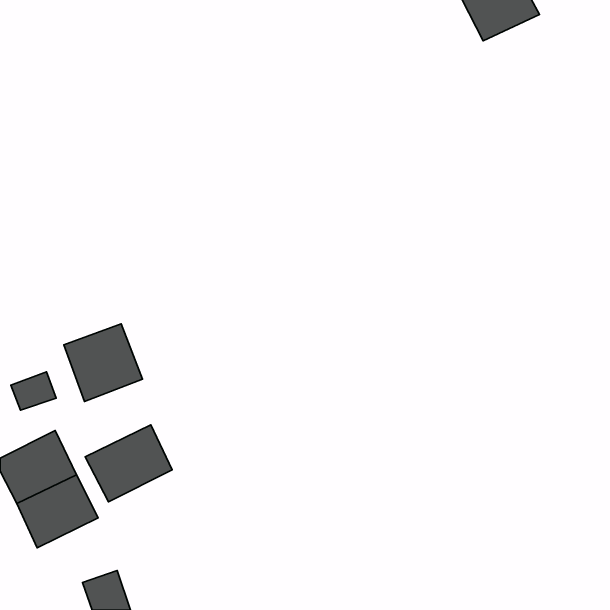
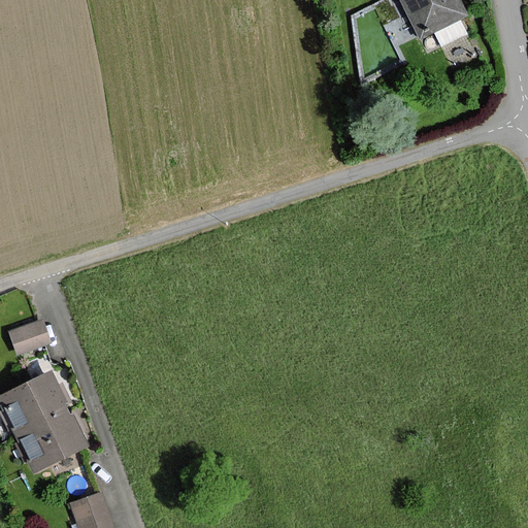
building: [64,324,142,402] -> none
building: [85,425,172,502] -> none

